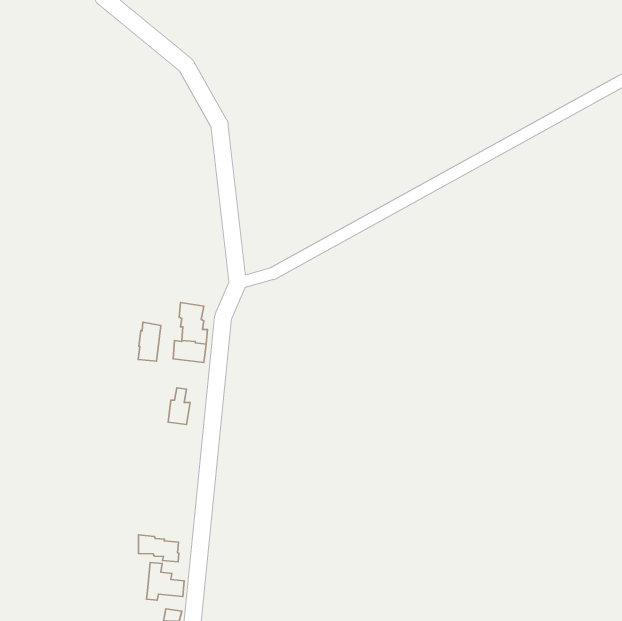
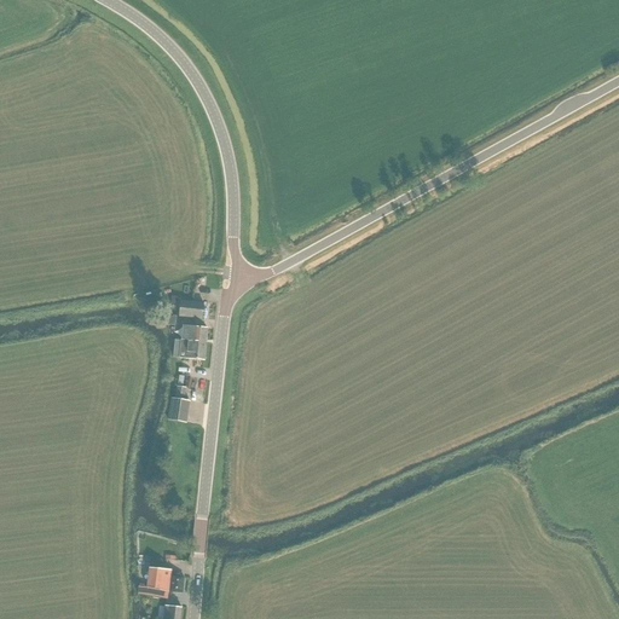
building: [138,322,161,361] -> none
building: [139,535,179,562] -> none

